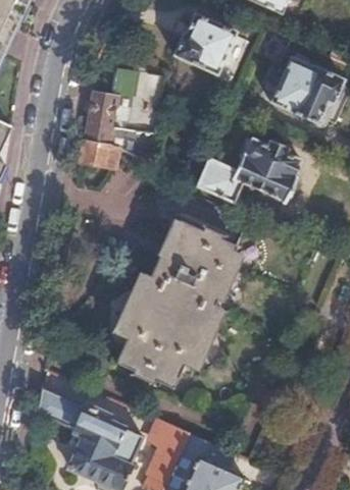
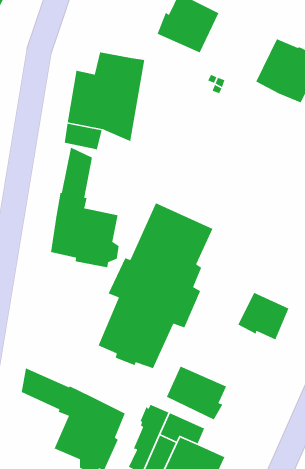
building: [196,137,302,200] -> none
building: none -> [50,146,120,268]
building: none -> [237,292,290,341]
building: none -> [166,366,227,420]

